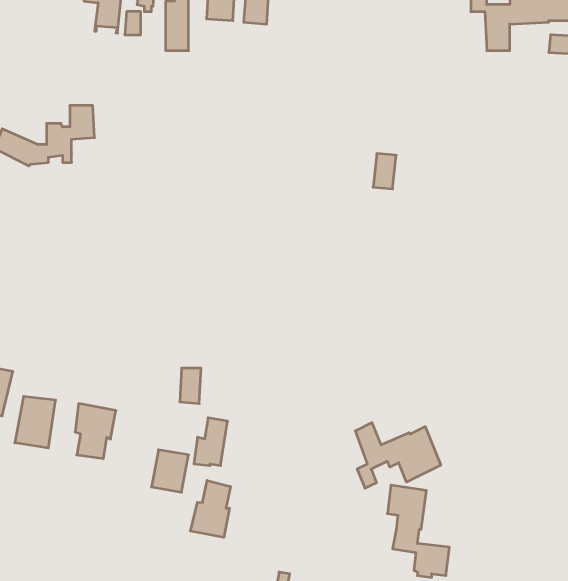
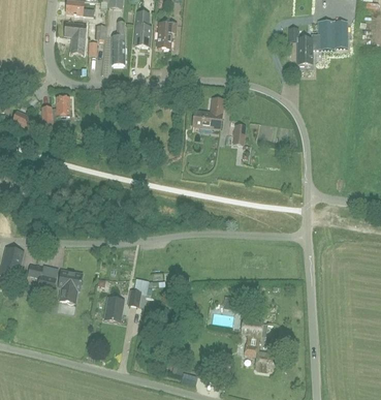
building: none -> [191,97,223,128]
building: [355,423,441,488] -> none
building: [190,480,230,537] -> none

